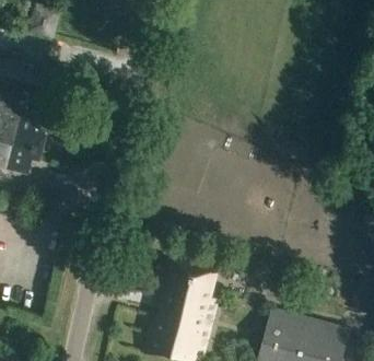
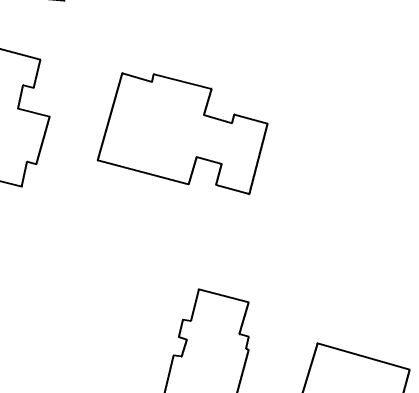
building: none -> [98,73,268,194]

